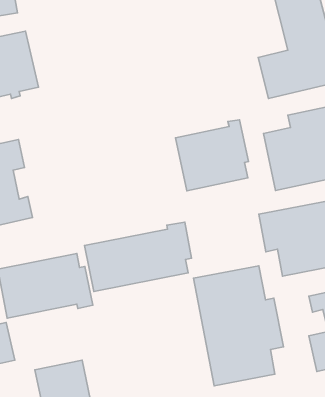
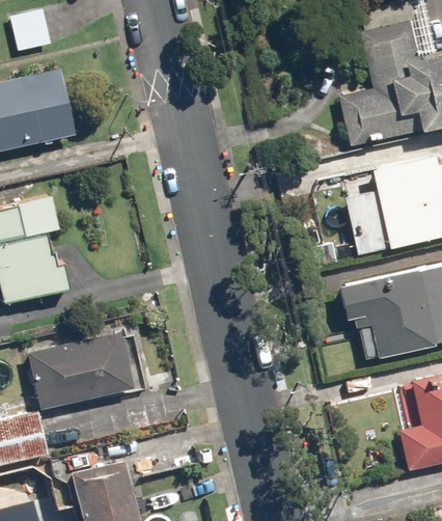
building: [175,120,248,191] -> none
building: [85,222,192,291] -> none
building: [194,266,283,386] -> none

